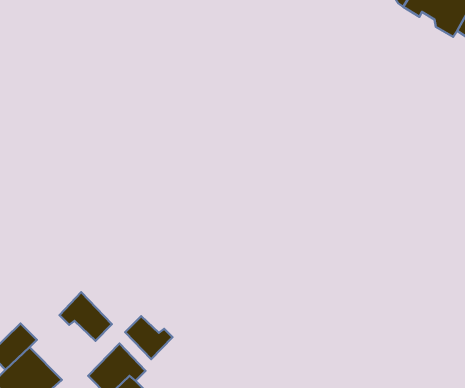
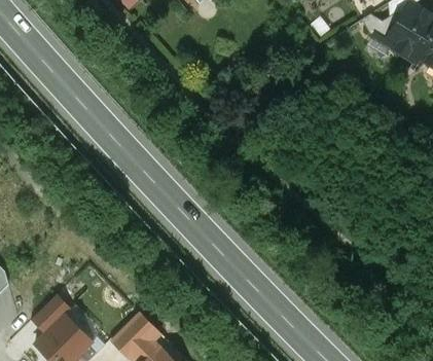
building: [59,292,112,341] -> none
building: [125,316,172,359] -> none

